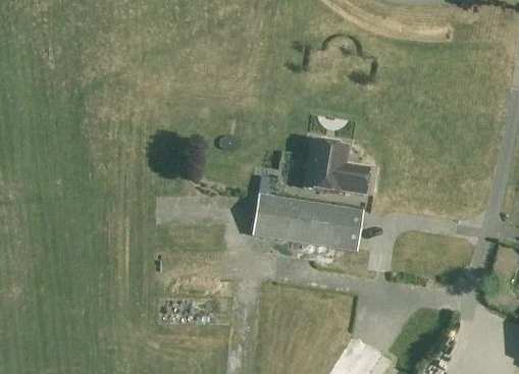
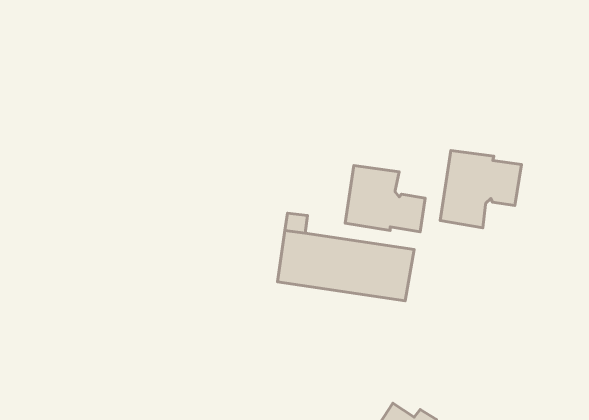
building: none -> [440,150,521,228]

